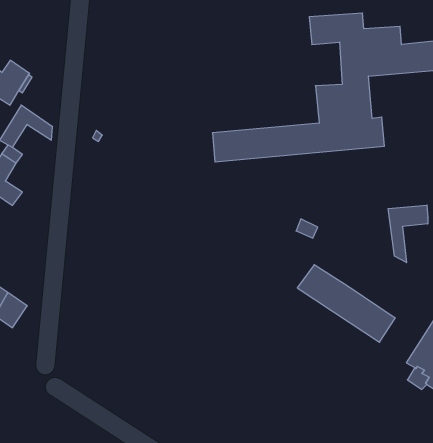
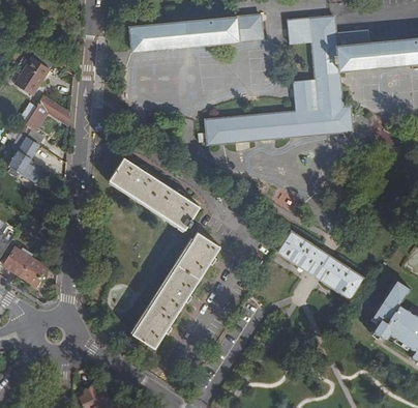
building: none -> [129,16,263,52]
building: none -> [109,158,199,230]
building: [388,205,428,263] -> none
building: none -> [132,232,219,349]

